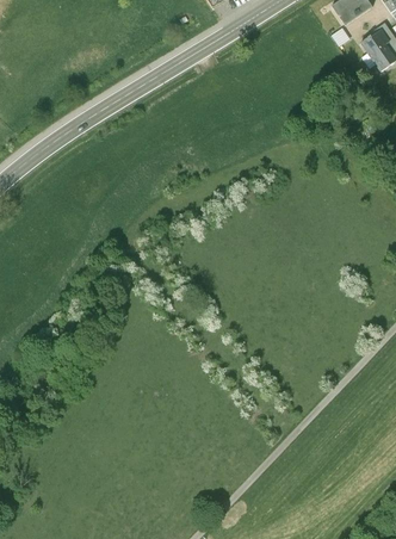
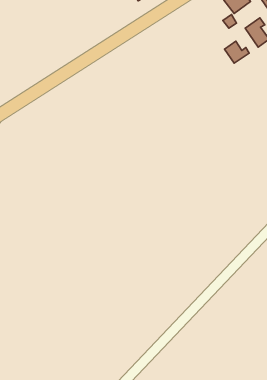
building: none -> [224,41,249,63]

